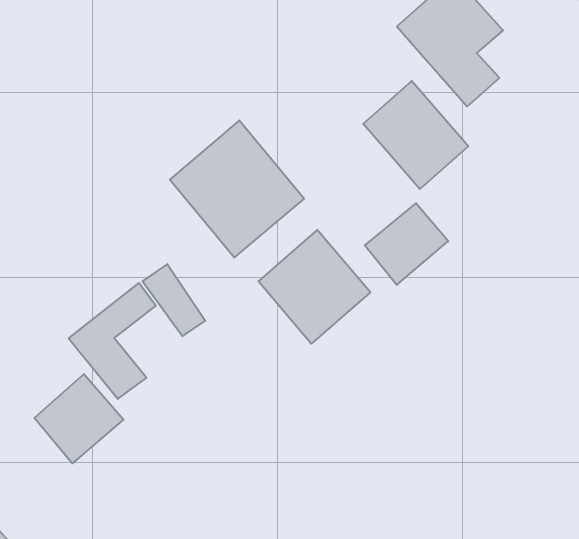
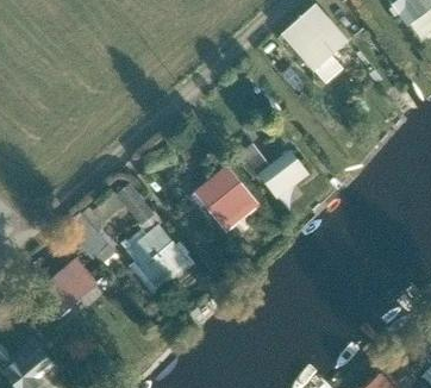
building: [363,81,468,189] -> none
building: [170,120,304,258] -> none
building: none -> [126,220,193,286]

